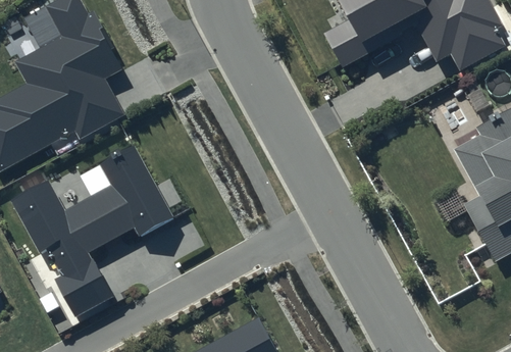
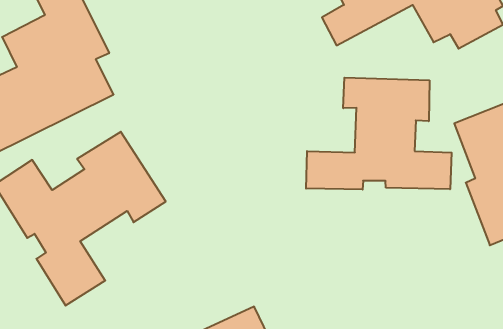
building: none -> [306,78,452,190]

